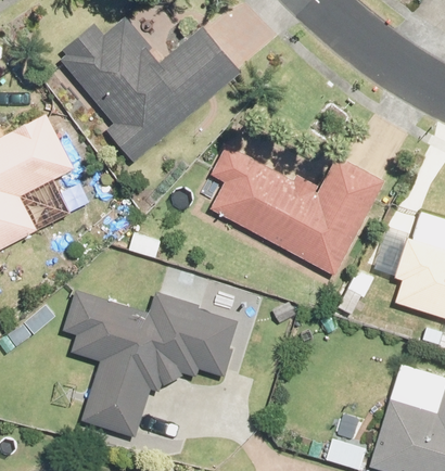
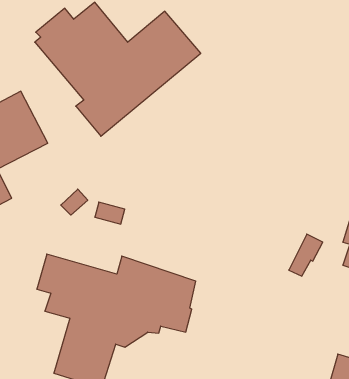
building: [209,143,384,275] -> none

